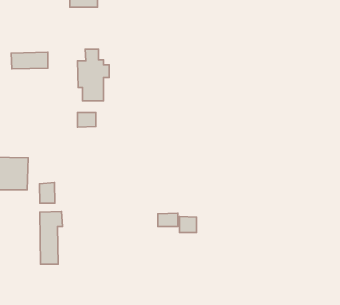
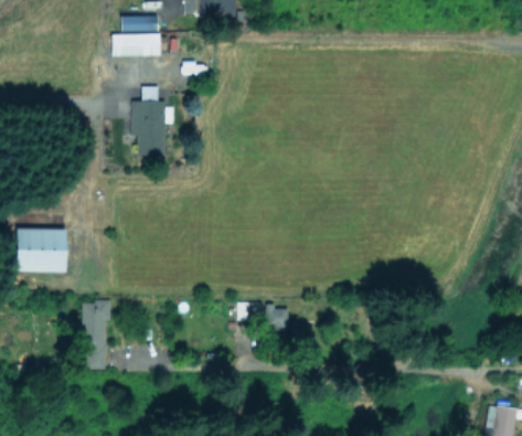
building: [11,52,48,69] -> [111,34,160,56]
building: [77,113,96,127] -> none
building: [40,183,55,203] -> none

